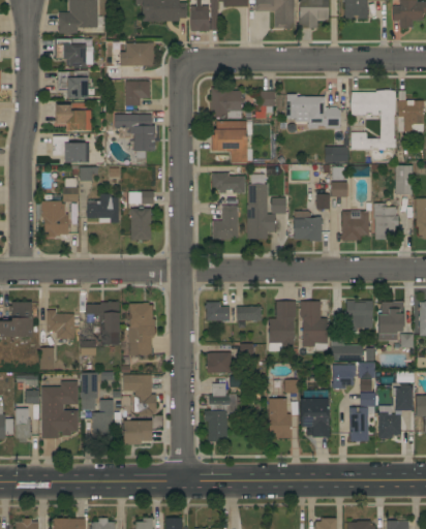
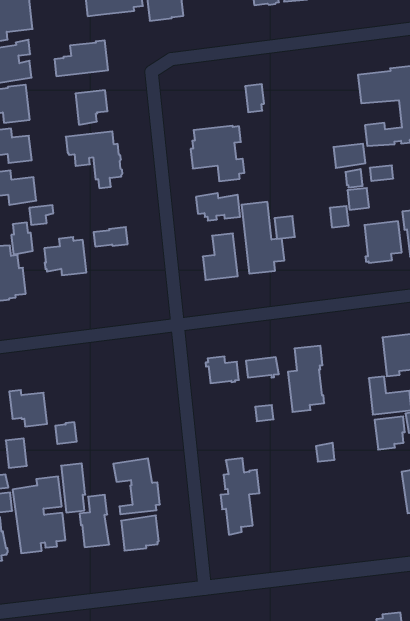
building: [211,88,242,119] -> none
building: [286,94,340,127] -> none
building: [130,208,151,241] -> none
building: [294,212,324,242] -> none
building: [86,301,121,345] -> none
building: [301,302,328,351] -> none
building: [127,303,155,356] -> none
building: [207,352,230,373] -> none
building: [301,391,329,437] -> none
building: [269,399,292,438] -> none

